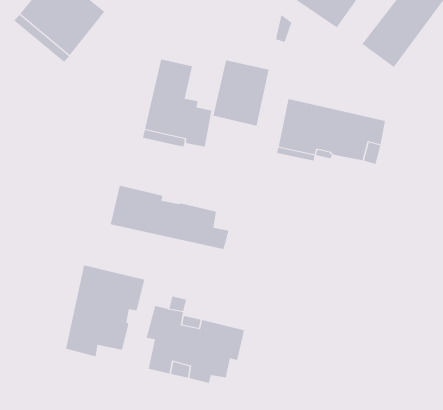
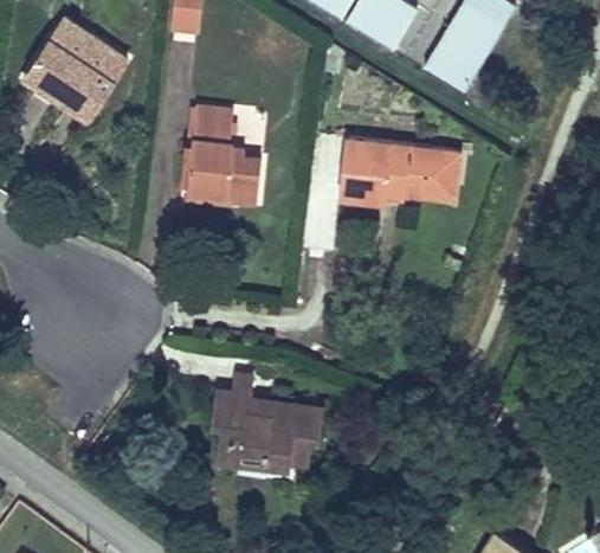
building: [213,59,269,127] -> none
building: [110,185,229,250] -> none
building: [66,264,145,357] -> none

